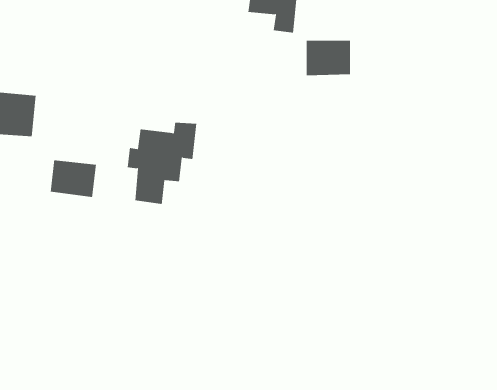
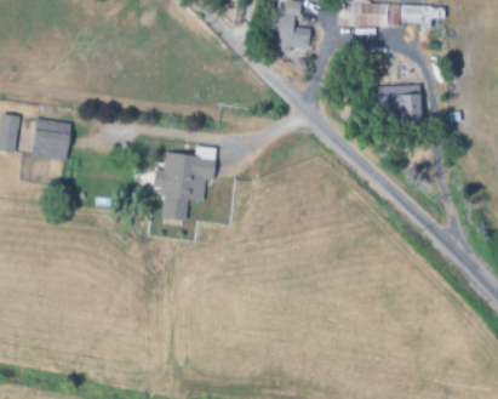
building: [306,40,351,76] -> [379,85,420,118]
building: [50,160,96,198] -> none

